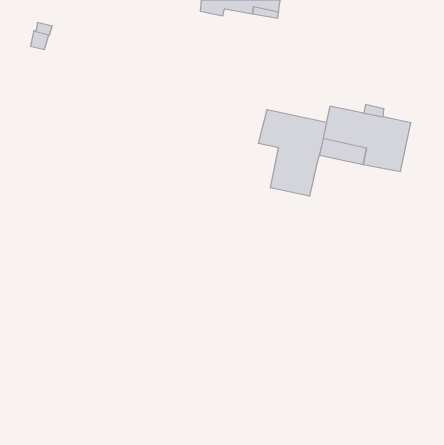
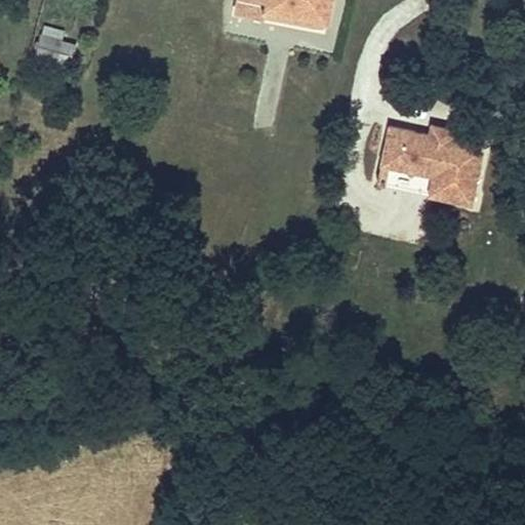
building: [259,109,326,196] -> none

